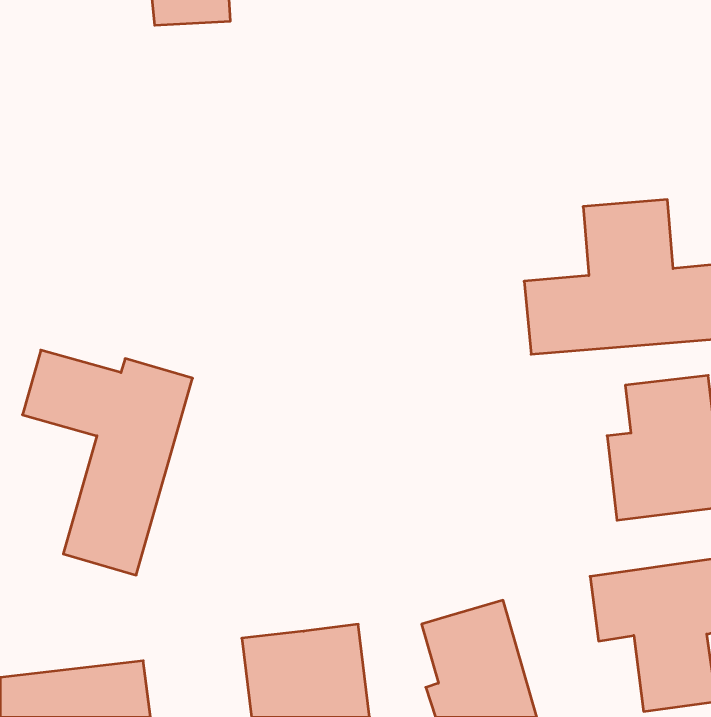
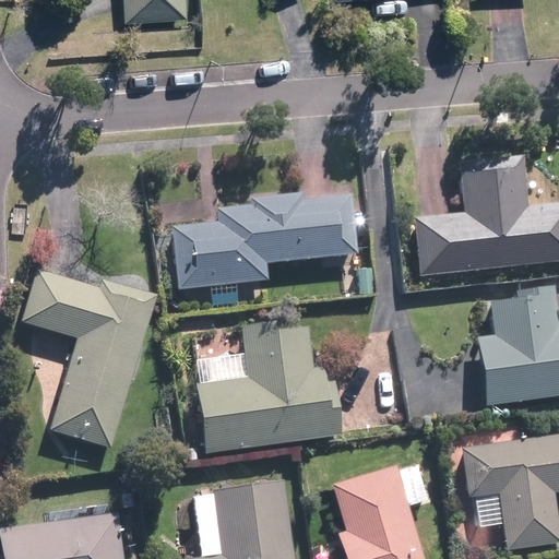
building: none -> [169,192,355,288]
building: none -> [195,326,342,453]

